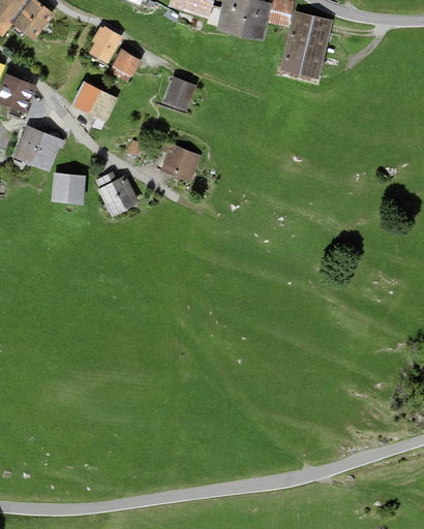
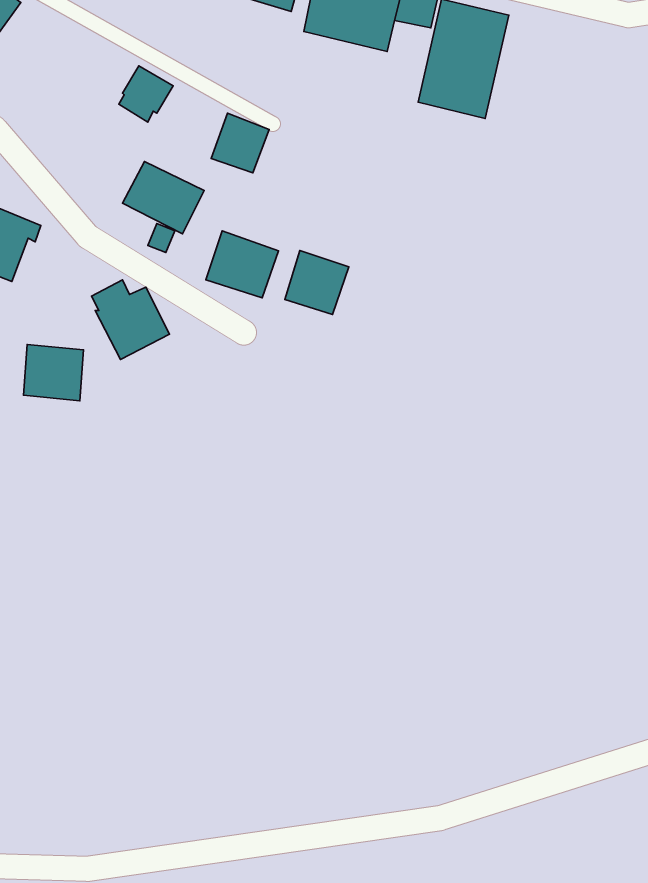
building: [88,25,122,62] -> none
building: [70,81,117,122] -> [123,161,204,234]
building: none -> [285,251,349,315]
building: [51,172,85,204] -> [24,345,83,401]

